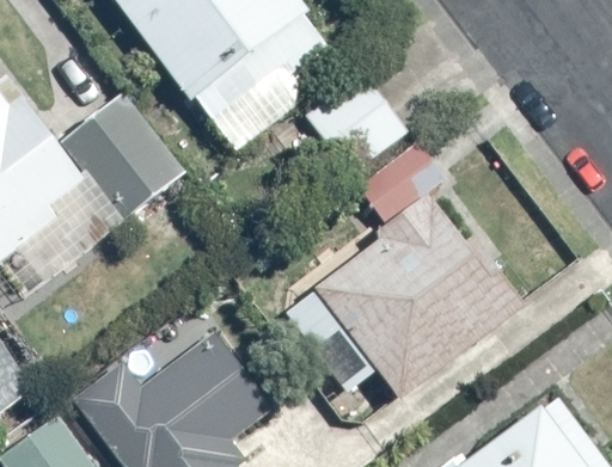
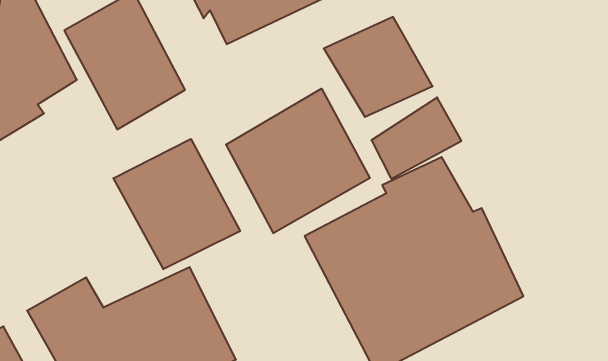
building: none -> [226,89,370,233]
building: none -> [113,139,240,269]

